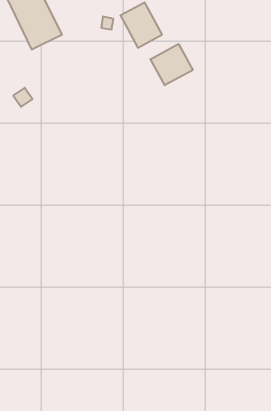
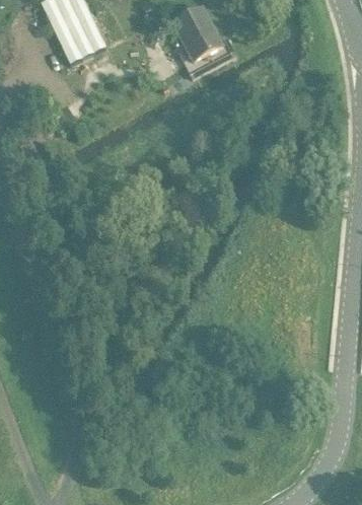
building: [150,44,193,85] -> none

